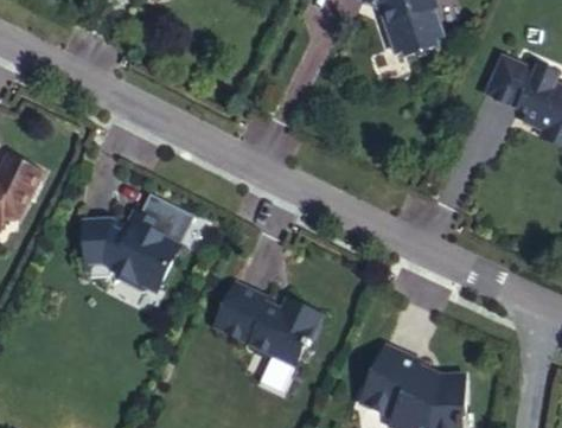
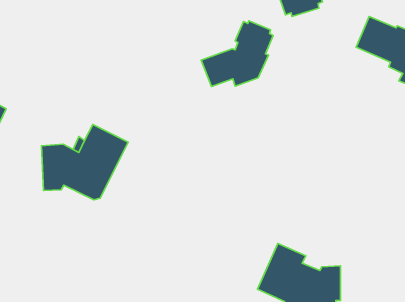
building: none -> [201,21,273,87]
building: [215,281,321,365] -> none

